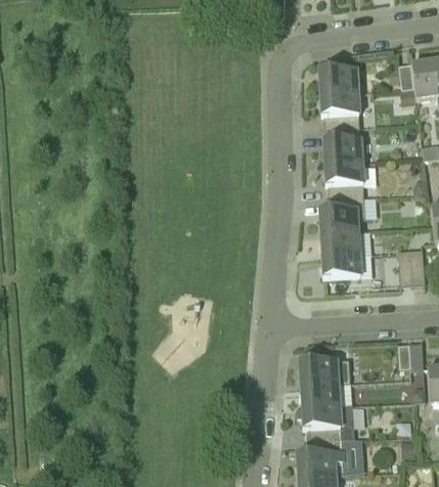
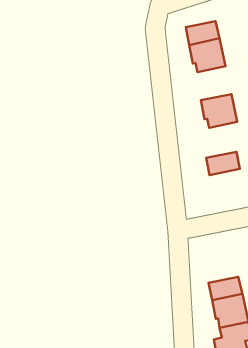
building: [323,125,362,162] -> none
building: [319,194,365,232] -> none
building: [321,252,361,277] -> none
building: [299,359,338,384] -> none

